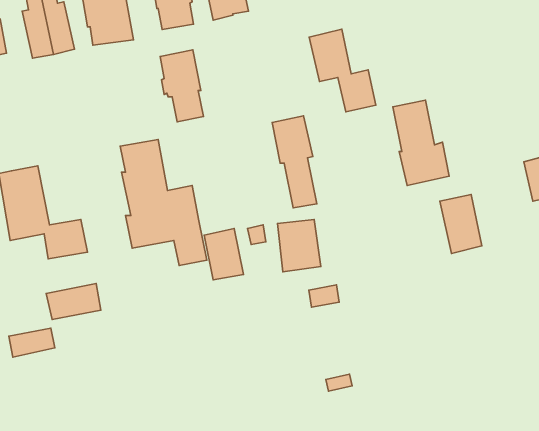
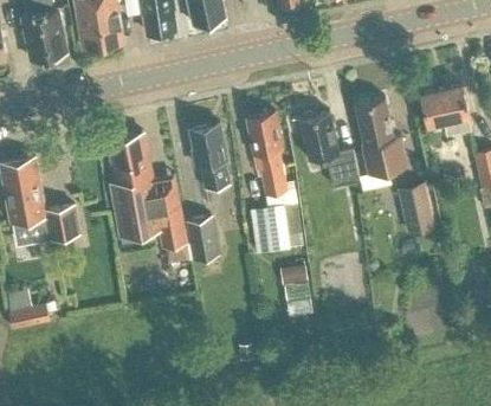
building: [309,29,376,112] -> [301,112,361,187]
building: [160,50,203,122] -> [190,124,230,189]
building: none -> [420,85,472,135]
building: [46,283,101,320] -> none

